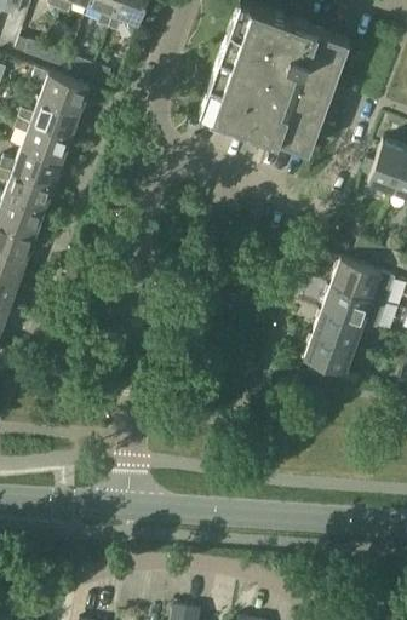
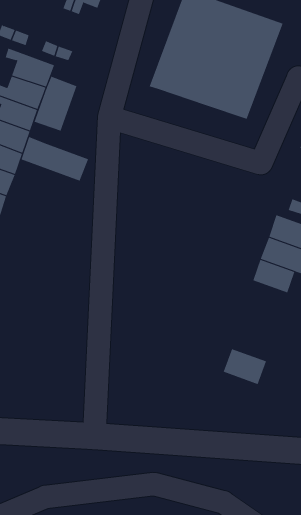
building: none -> [34,76,77,132]
building: none -> [21,136,89,182]
building: [304,332,354,373] -> [223,348,267,385]

